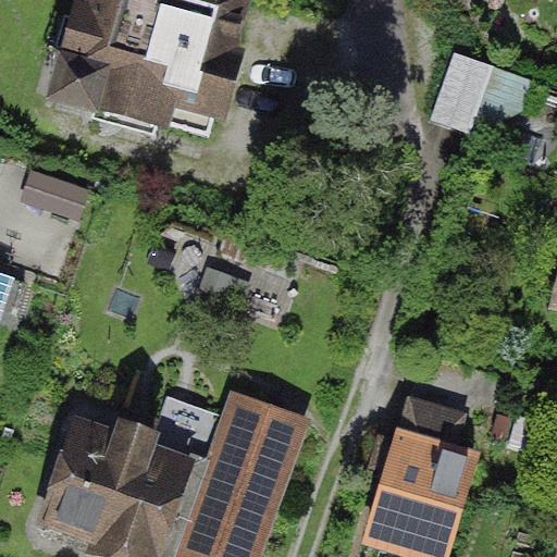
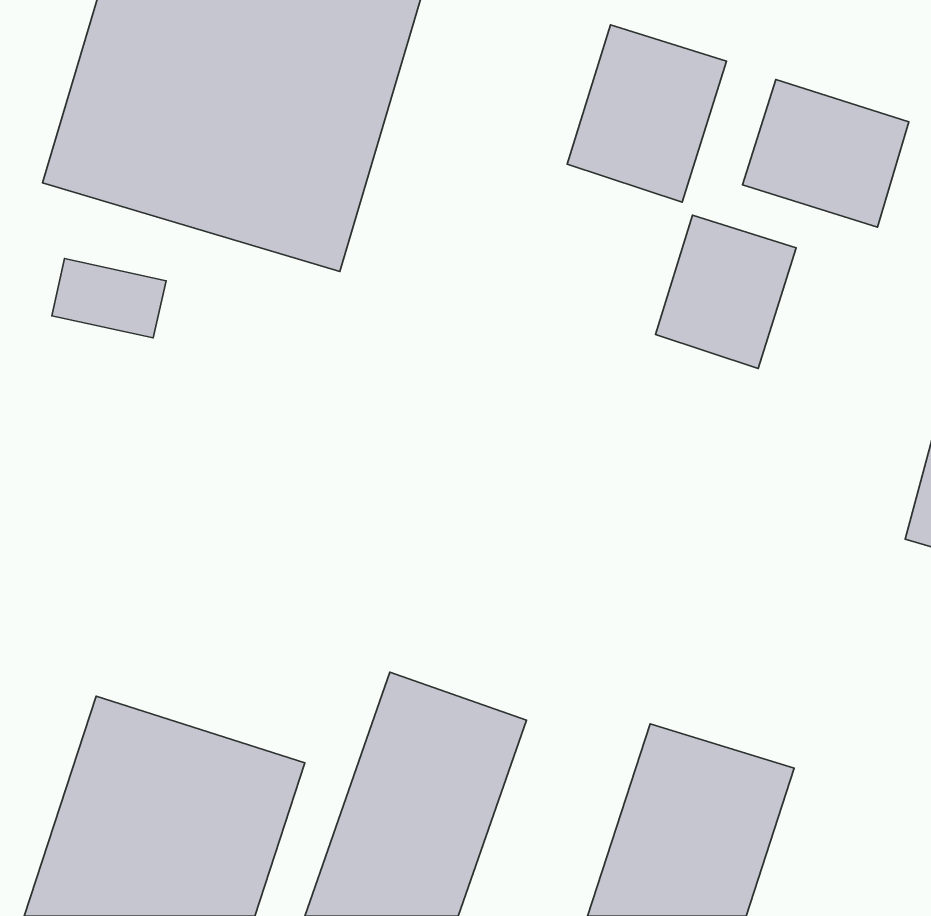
building: none -> [567,25,727,202]
building: none -> [655,215,796,369]

